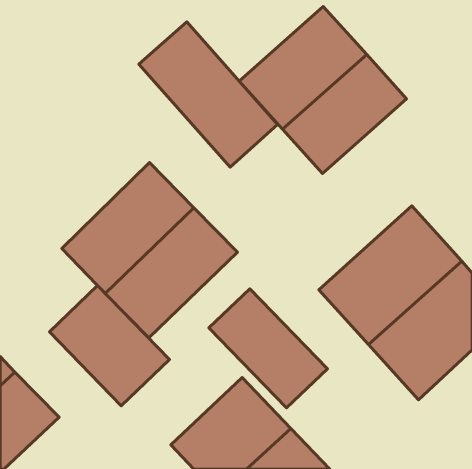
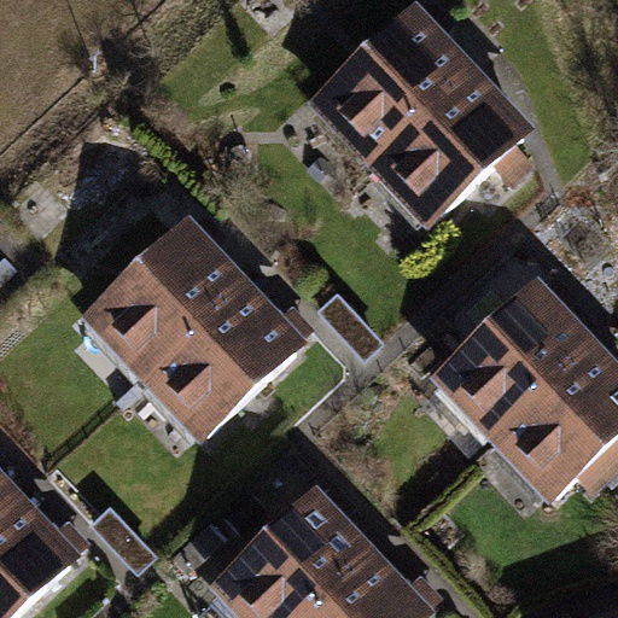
building: [139,22,277,167] -> none
building: [50,286,169,406] -> none
building: [209,289,327,408] -> none

